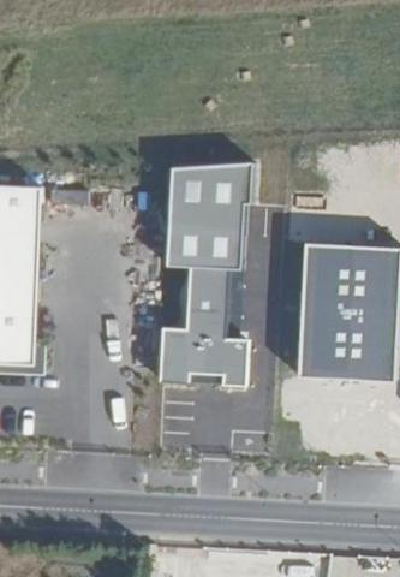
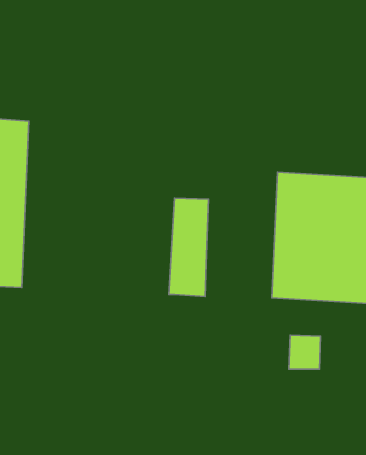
building: [163,163,251,269] -> none
building: [161,328,192,383] -> none
building: [223,339,251,386] -> none

